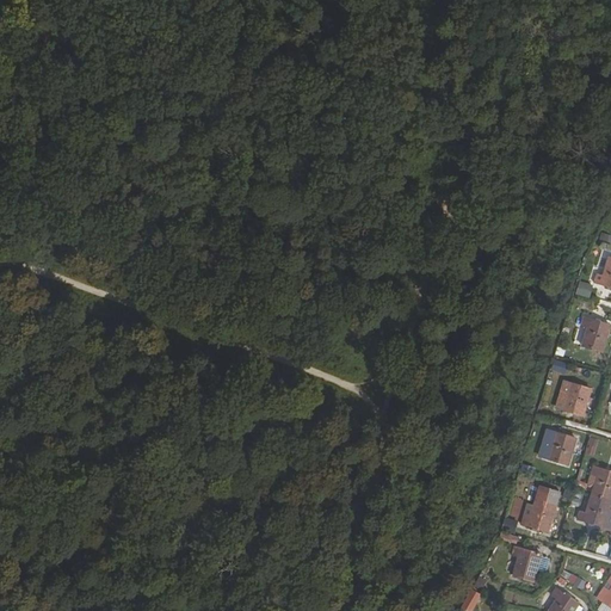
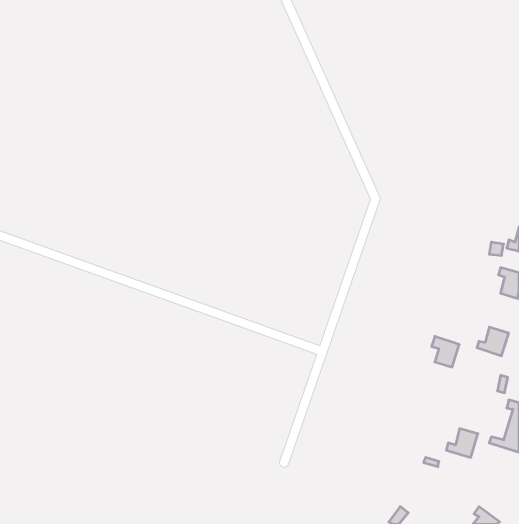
building: [544,428,576,464] -> [432,336,459,367]
building: [510,548,541,582] -> none

